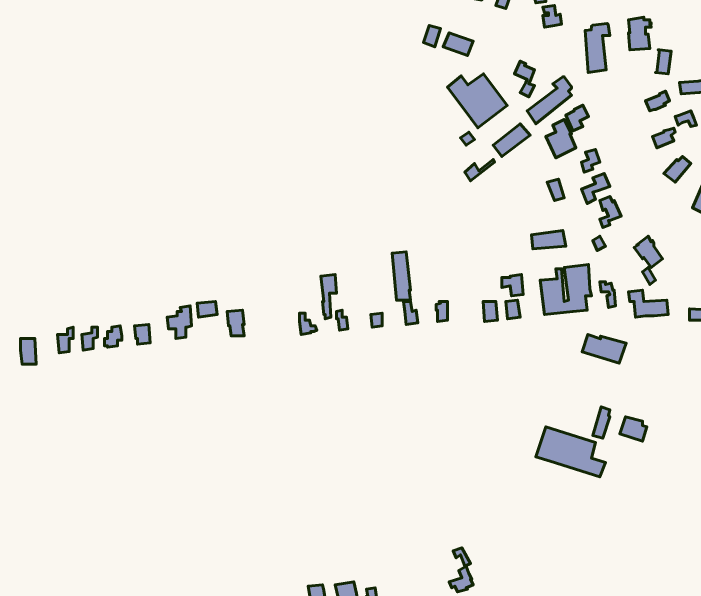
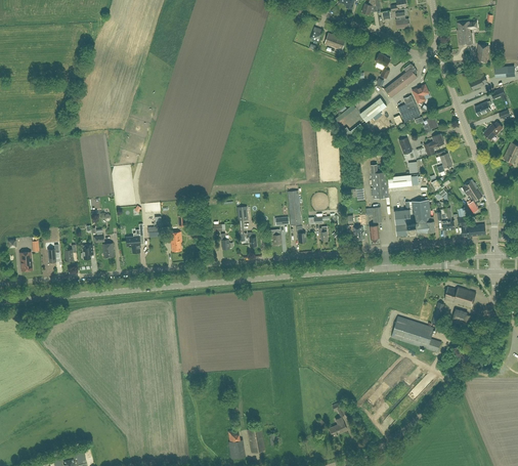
building: [585,24,610,72] -> none
building: [448,74,507,128] -> none
building: none -> [371,166,389,199]
building: [582,335,626,363] -> [444,287,476,307]

